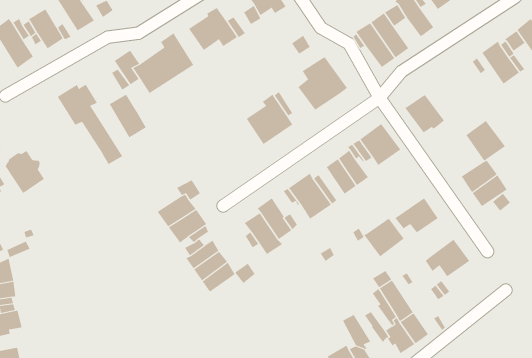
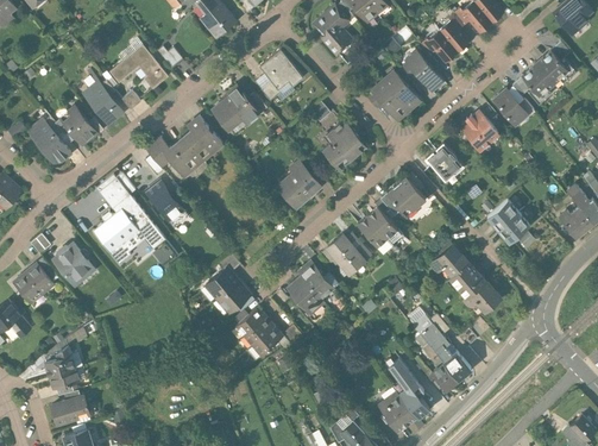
building: [466,120,506,161] -> [460,111,499,150]
building: none -> [94,209,145,262]
building: [363,218,405,257] -> [447,260,486,299]

